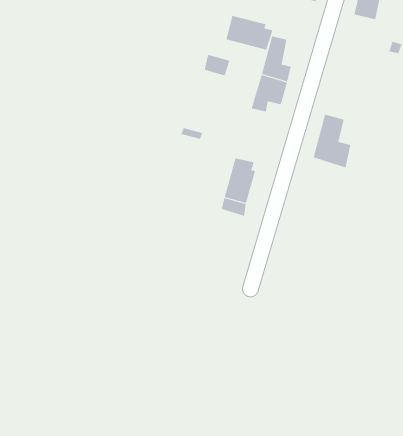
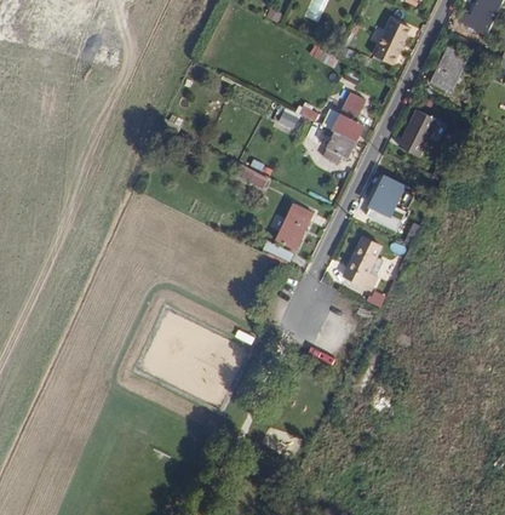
building: [226,15,273,51] -> none
building: none -> [400,110,437,156]
building: none -> [339,239,380,297]

